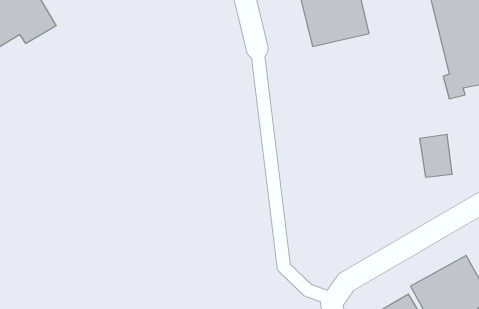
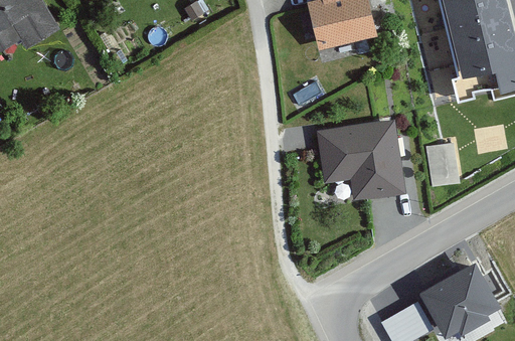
building: none -> [317,119,404,199]

